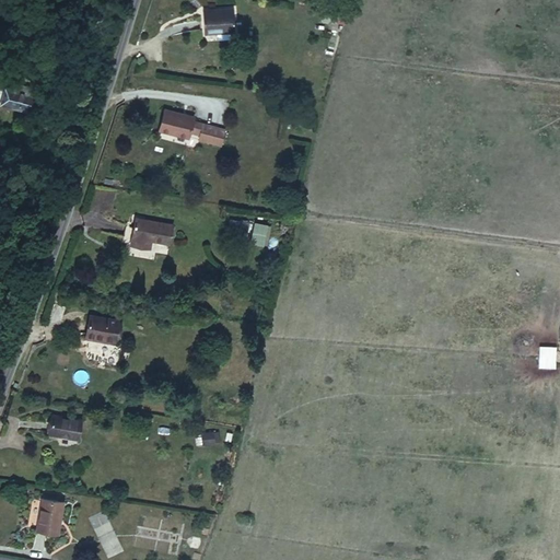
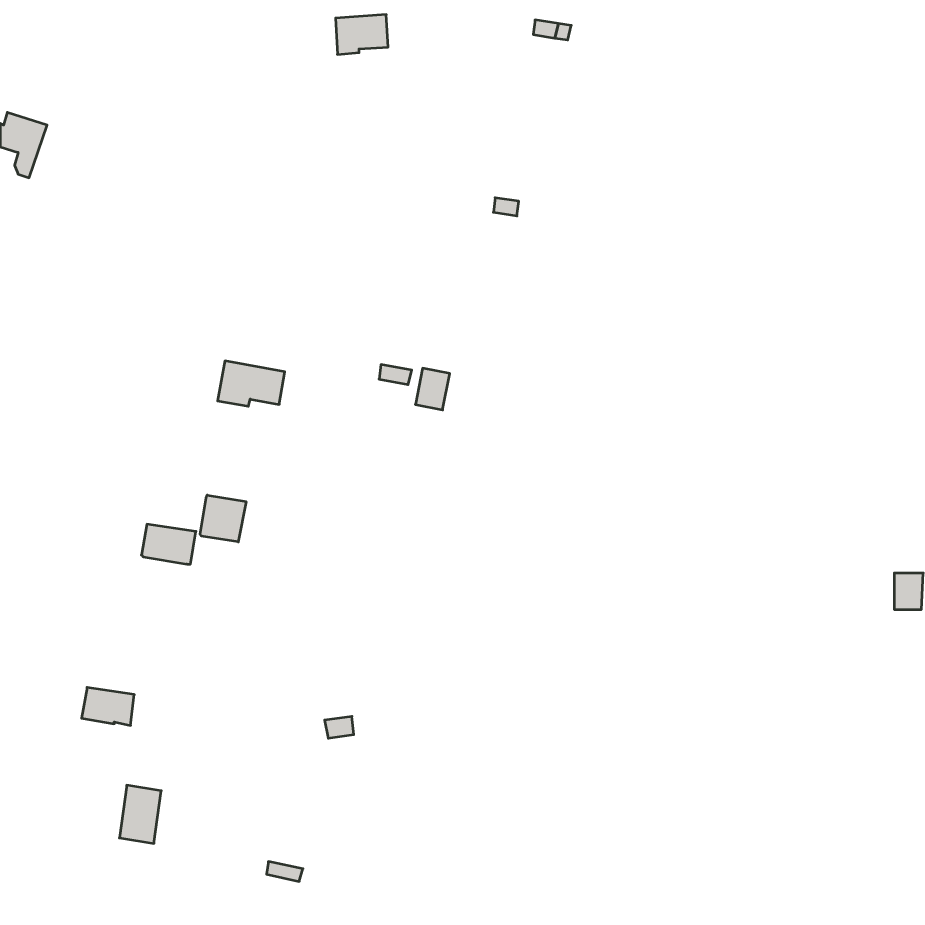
building: [160,110,225,145] -> none
building: none -> [200,495,246,542]
building: [38,500,63,535] -> [119,785,161,843]

